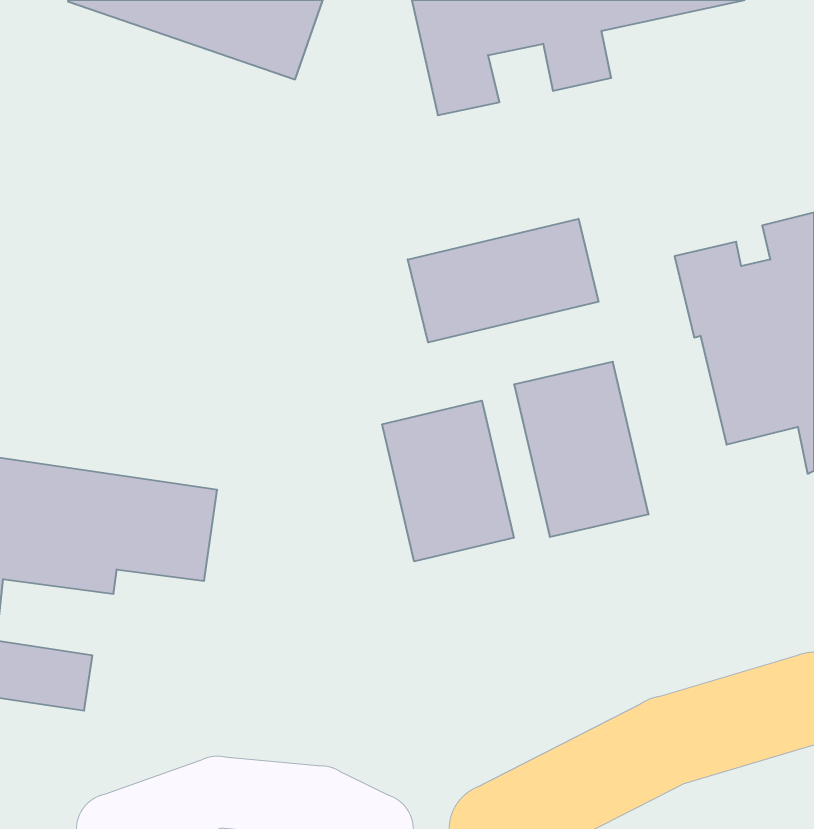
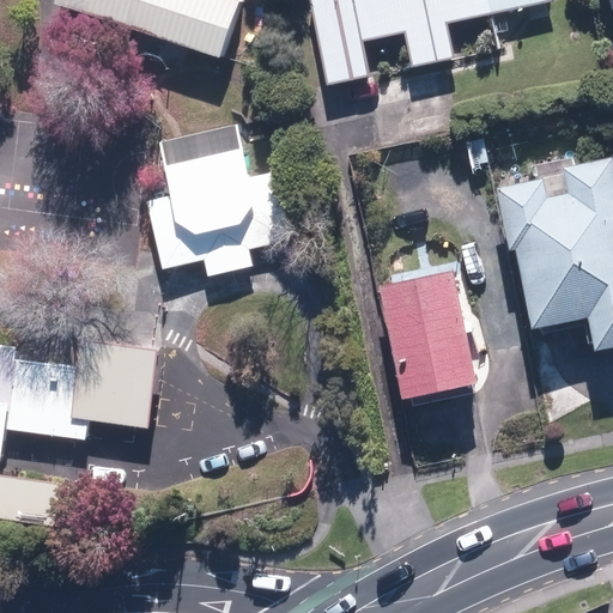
building: none -> [147,123,291,278]
building: [408,219,599,342] -> none
building: [382,401,514,561] -> none

